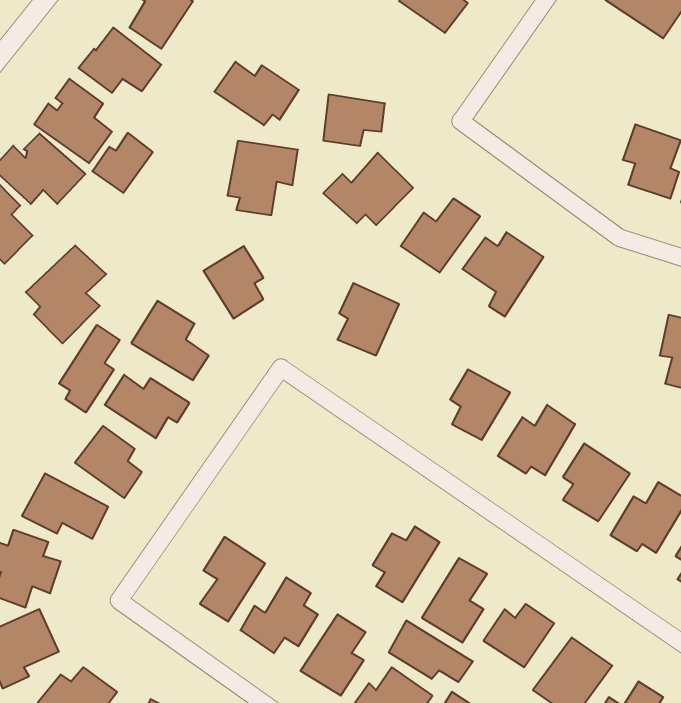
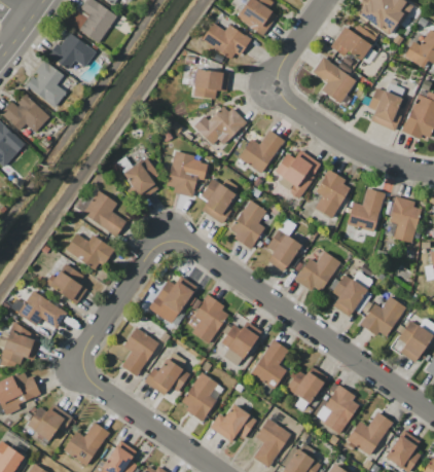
building: none -> [332,25,375,62]
building: [214,62,299,125] -> [201,22,250,59]
building: none -> [312,57,356,103]
building: [92,133,153,193] -> none
building: [227,141,298,215] -> [167,153,208,196]
building: [26,245,106,343] -> none
building: none -> [314,169,350,219]
building: none -> [347,187,384,231]
building: none -> [228,199,266,247]
building: [59,325,120,412] -> none
building: none -> [148,276,196,323]
building: none -> [191,294,228,343]
building: [389,620,473,682] -> none

